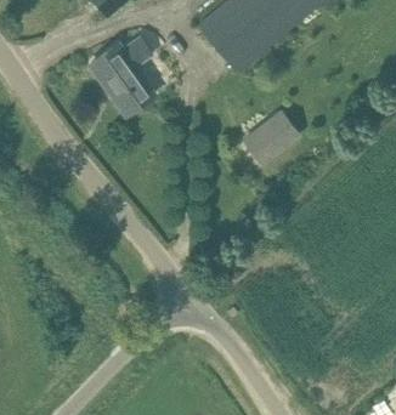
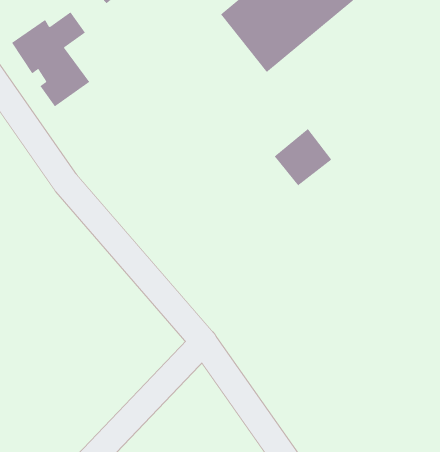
building: [91,38,155,115] -> [11,12,90,107]

